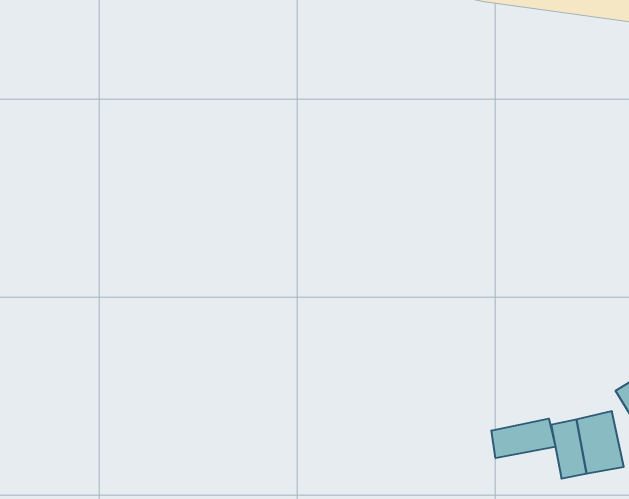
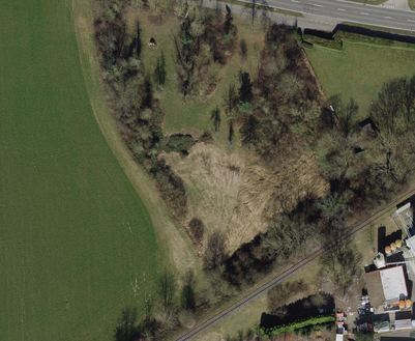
building: [491,419,555,458] -> none

